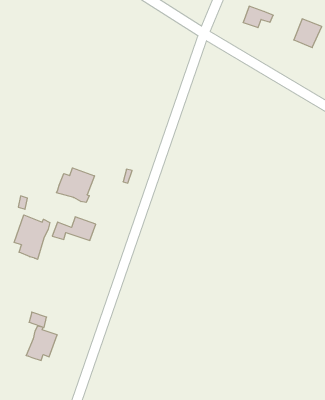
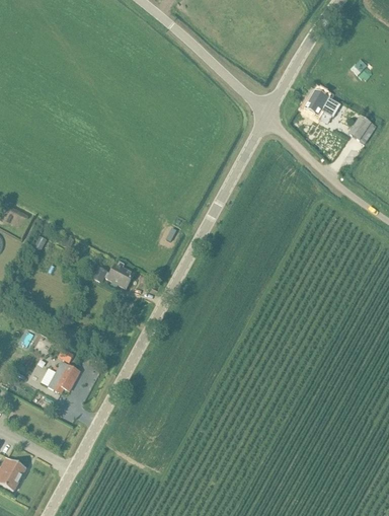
building: [57,168,94,202] -> none
building: [14,215,50,259] -> none

